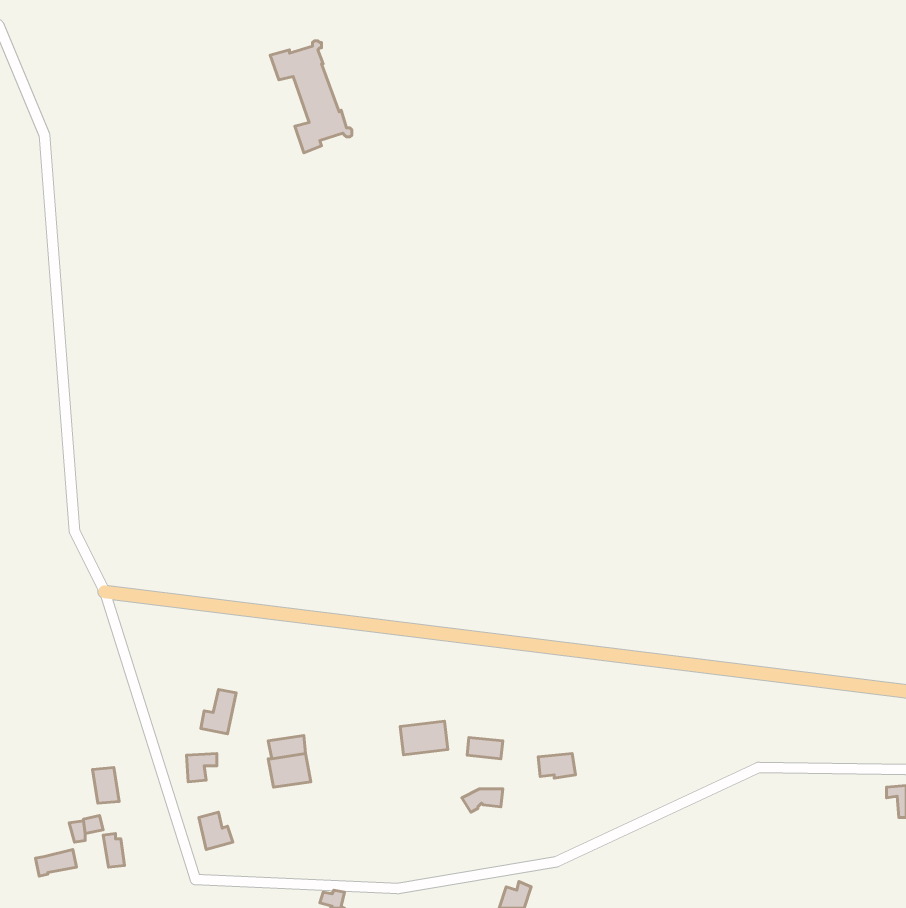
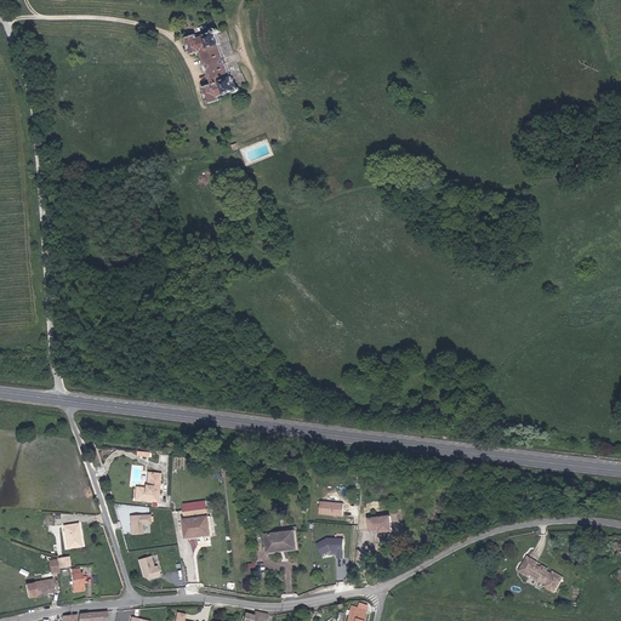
building: [400,721,448,755] -> [264,529,297,552]
building: none -> [515,557,560,593]

